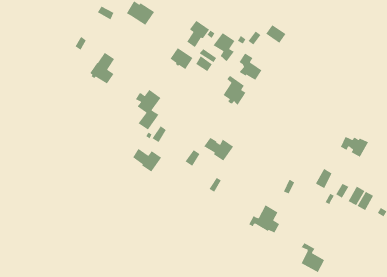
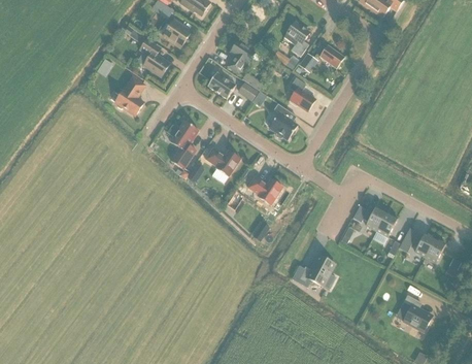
building: none -> [137,38,169,75]
building: [213,32,236,62] -> [282,21,309,56]
building: [340,136,369,158] -> [352,204,386,230]
building: [132,148,162,173] -> [205,146,240,175]
building: [300,242,325,273] -> [403,295,432,331]

